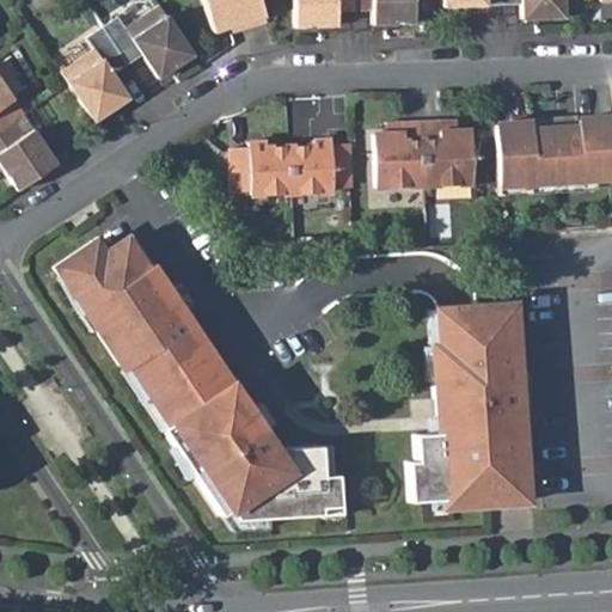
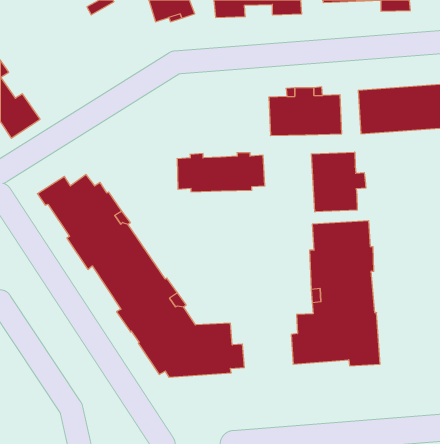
building: [65,5,197,121] -> none
building: [233,140,354,194] -> [177,153,265,192]
building: none -> [311,152,366,212]

